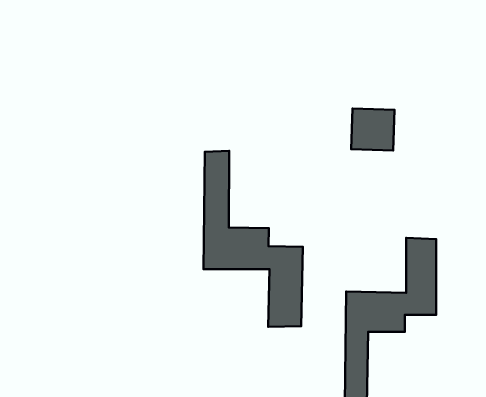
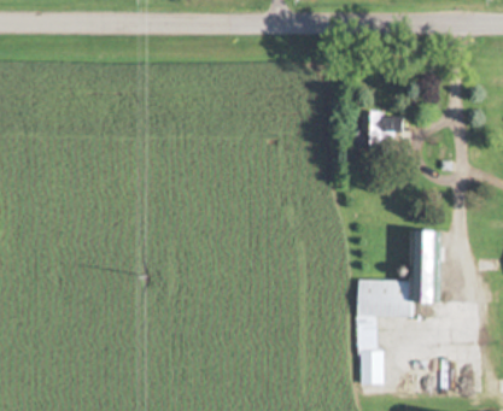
building: [203,151,303,327] -> none

